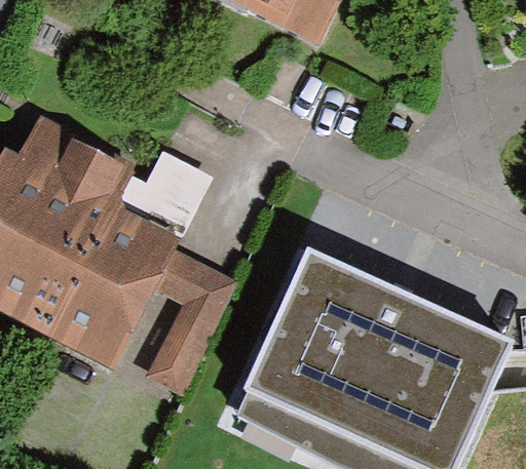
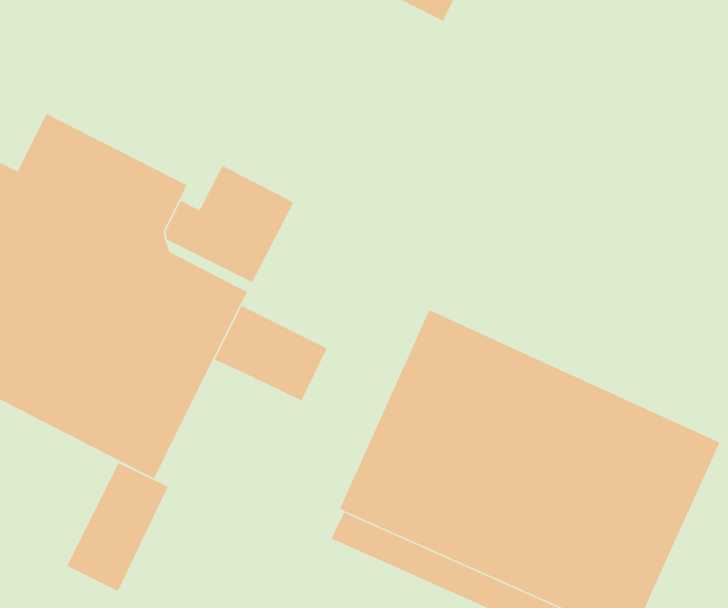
building: [144,299,217,391] -> [66,462,169,592]

